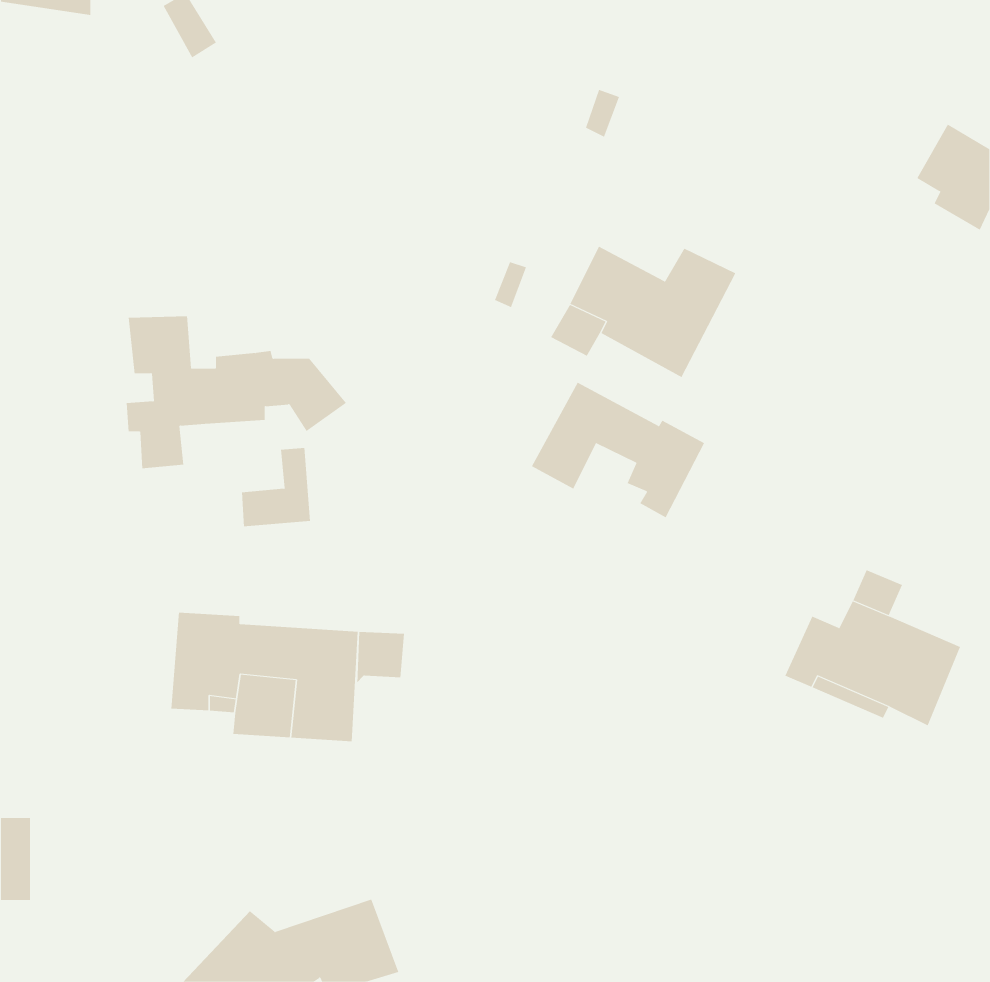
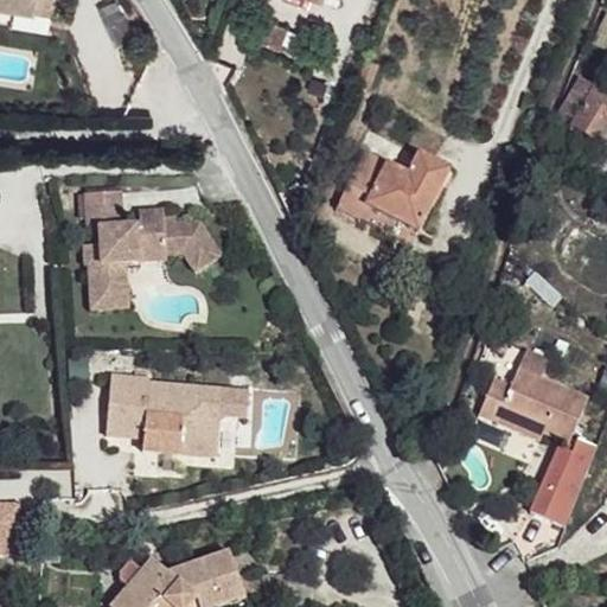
building: [531,382,705,518] -> none
building: [241,448,311,527] -> [87,260,129,308]
building: none -> [531,439,598,526]

